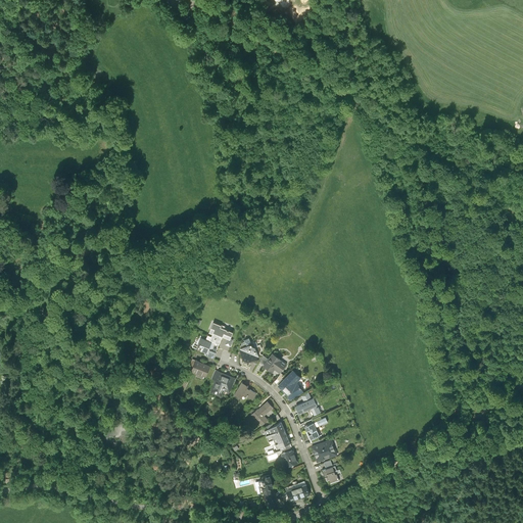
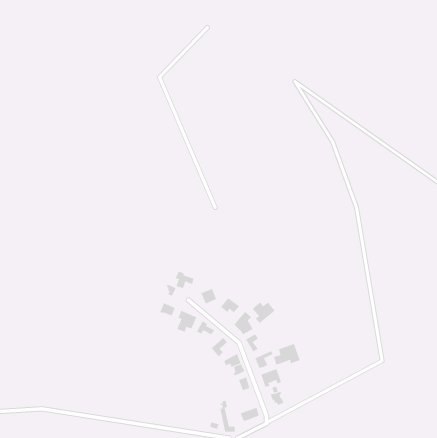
building: none -> [252,302,275,324]
building: none -> [273,343,300,366]

